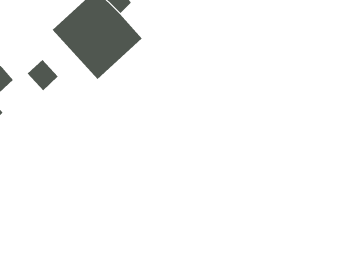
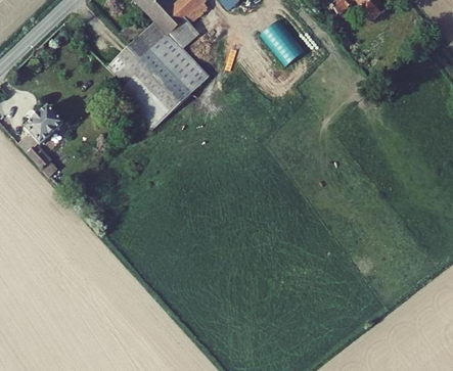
building: [27,59,59,91] -> none

